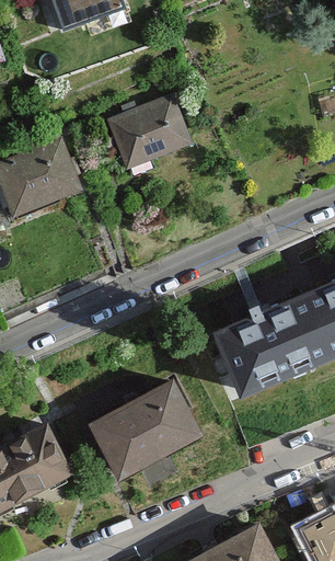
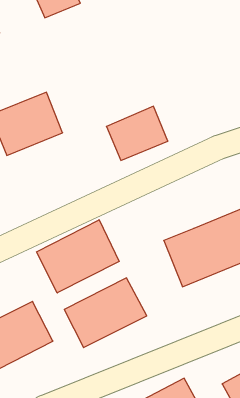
building: [109,96,193,170] -> [106,106,168,160]
building: none -> [37,220,119,293]

